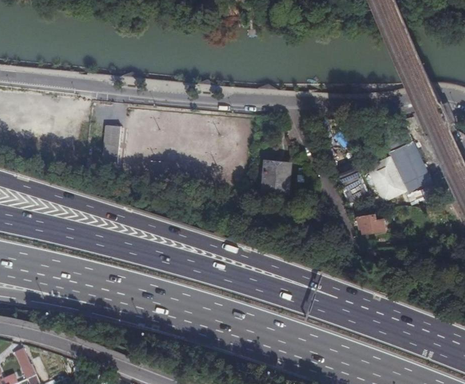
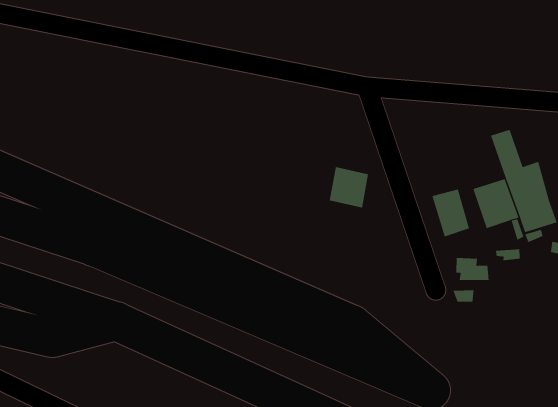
building: [101,124,120,160] -> none

